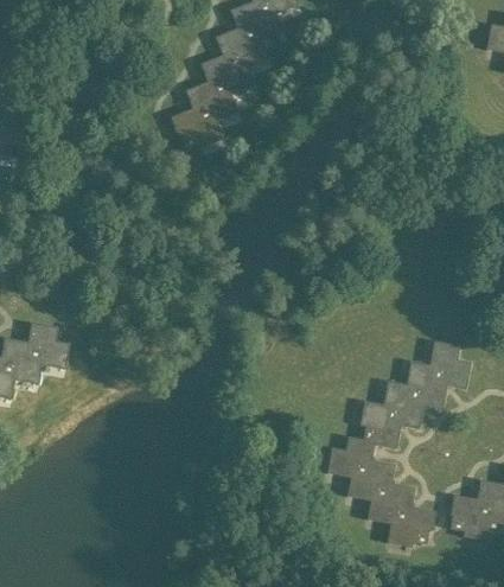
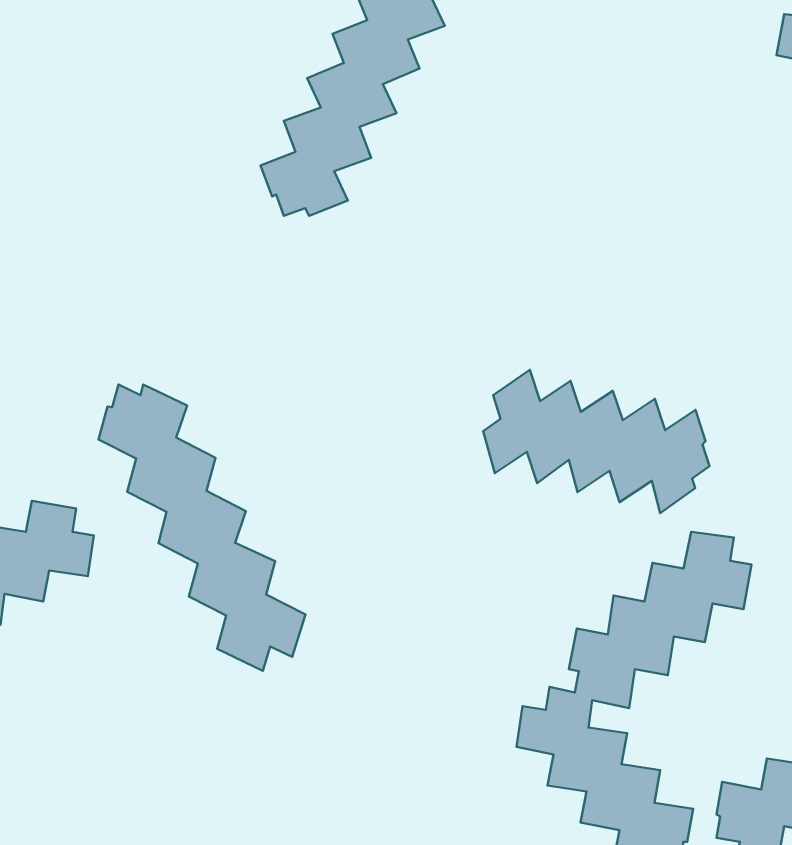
building: none -> [483,370,710,513]
building: none -> [99,385,306,671]

